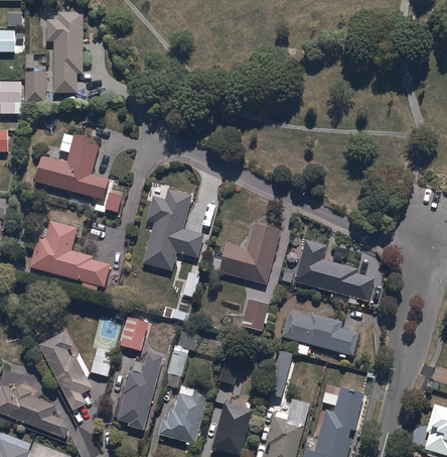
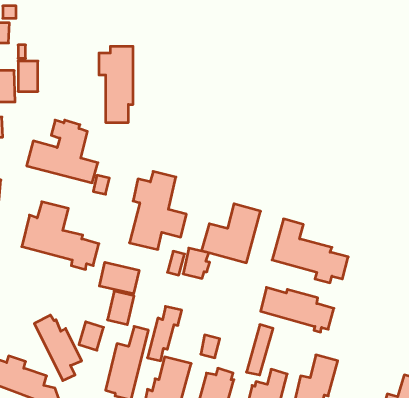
building: [45,12,82,93] -> [99,46,133,122]
building: none -> [99,262,139,294]
building: [241,299,269,331] -> [183,248,210,278]

